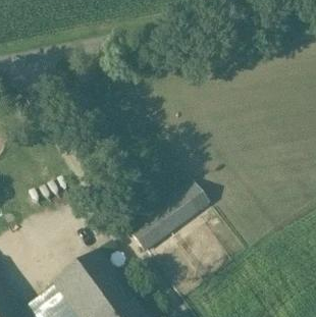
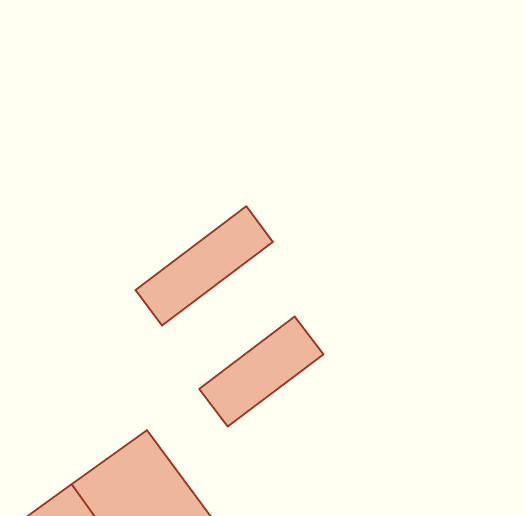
building: none -> [135,206,273,326]

